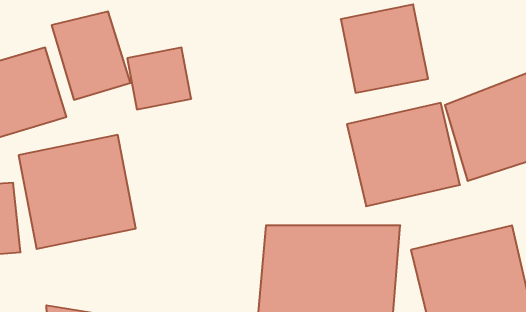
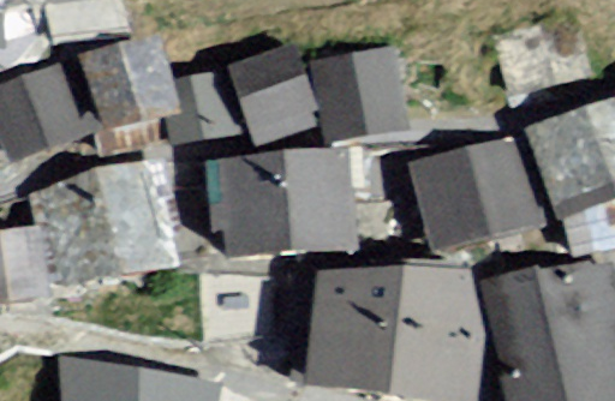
building: [341,4,428,93] -> [310,34,408,133]
building: none -> [231,43,318,139]
building: none -> [213,145,357,262]

